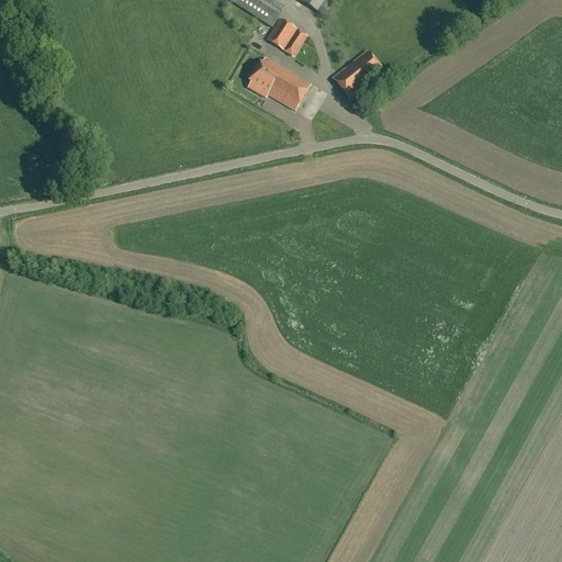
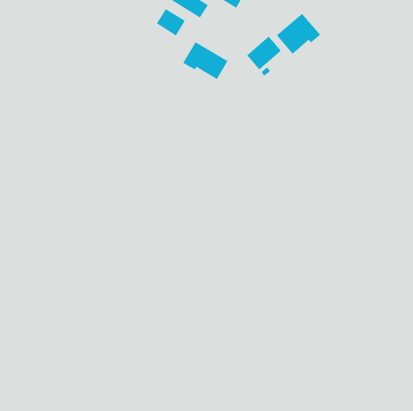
building: [266,16,306,55] -> [156,8,186,37]
building: none -> [276,13,321,55]

